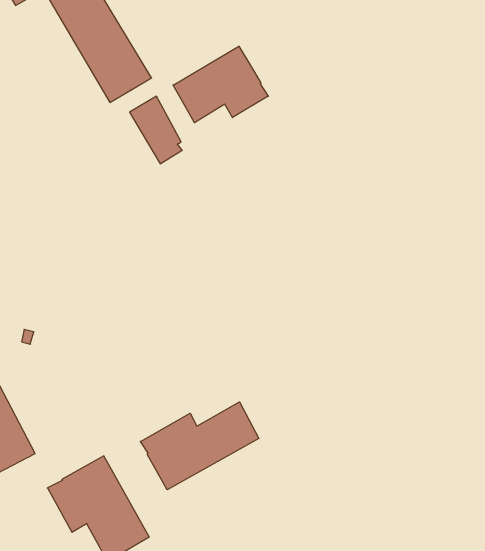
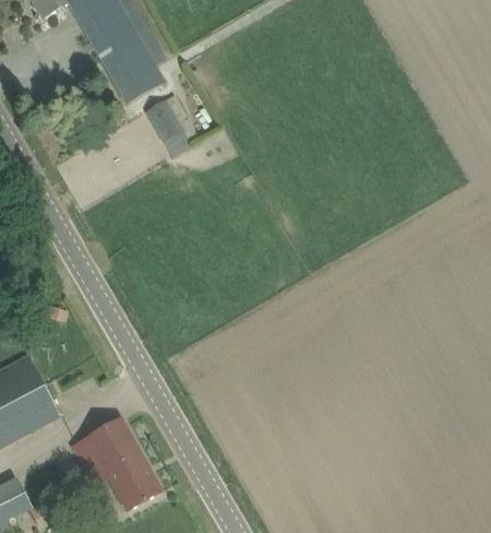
building: [173,46,268,123] -> none
building: [140,402,259,490] -> none

